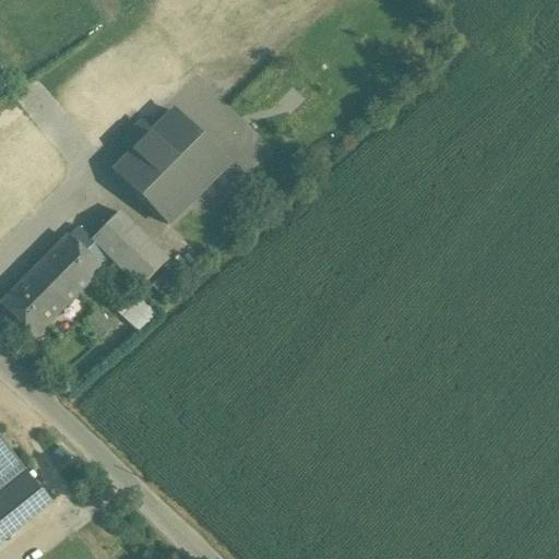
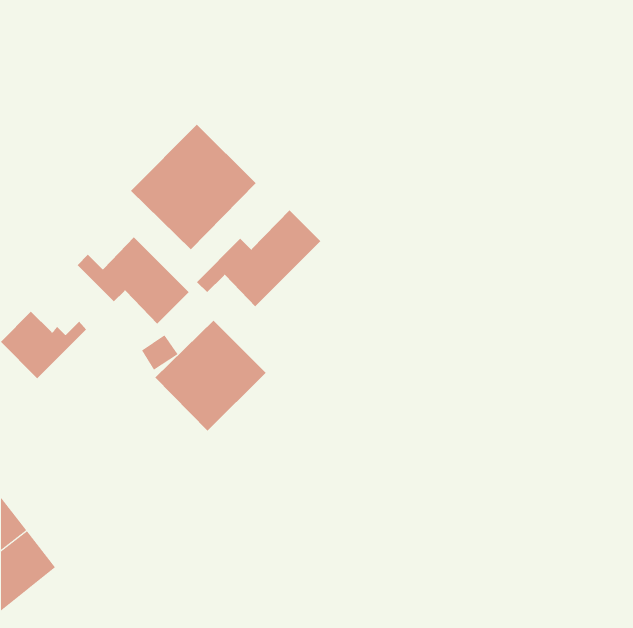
building: none -> [196,209,321,307]
building: [27,234,100,295] -> none
building: none -> [155,320,266,432]

